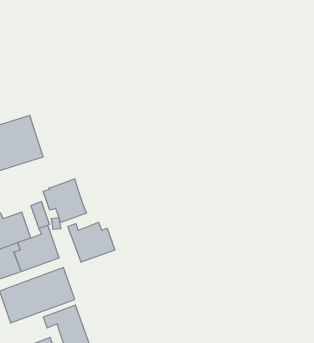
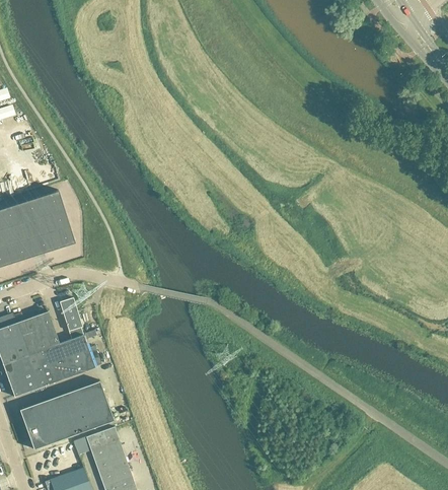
building: [43,179,86,222] -> none
building: [68,222,115,262] -> none

